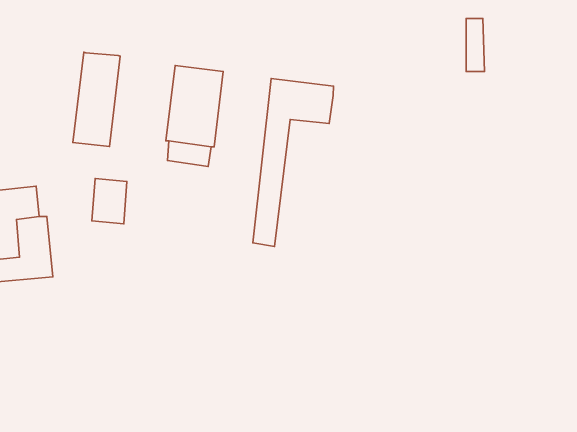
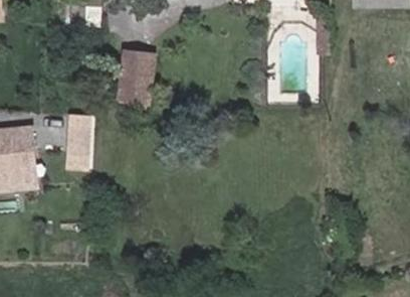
building: [73,52,120,146] -> none
building: [253,79,334,247] -> none

